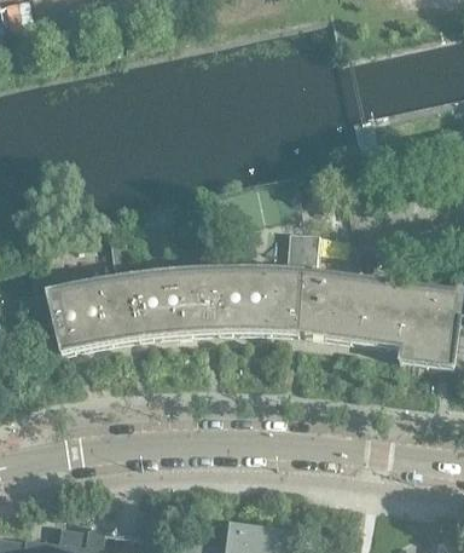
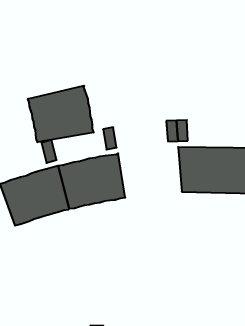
building: none -> [28,86,94,142]
building: [218,269,302,333] -> none

